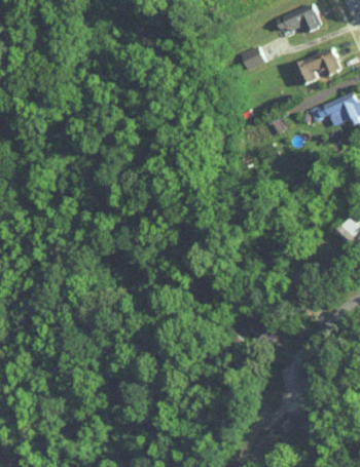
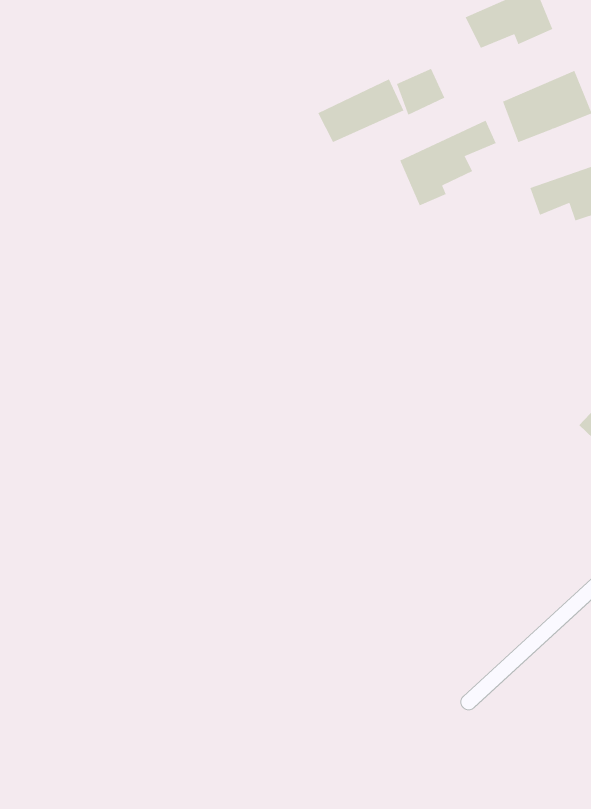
building: none -> [318,79,404,143]
building: none -> [400,120,497,206]

